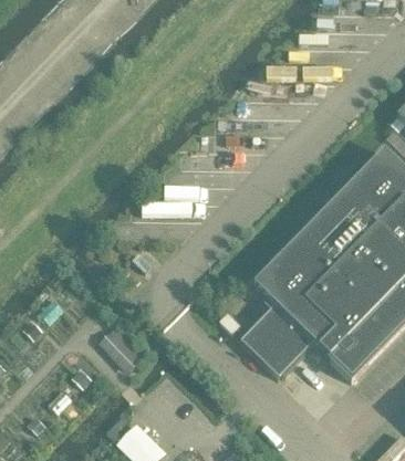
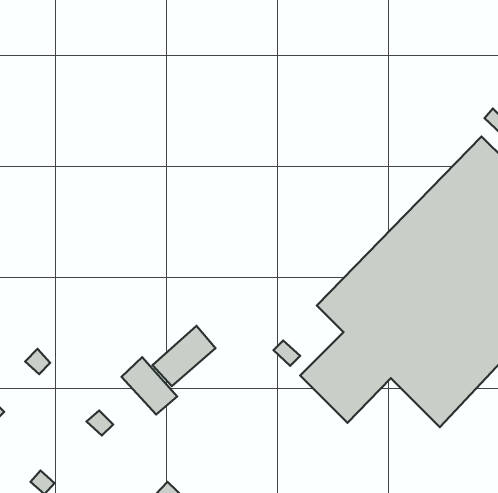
building: none -> [152,326,216,386]

